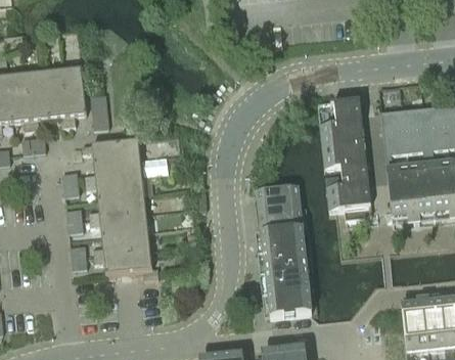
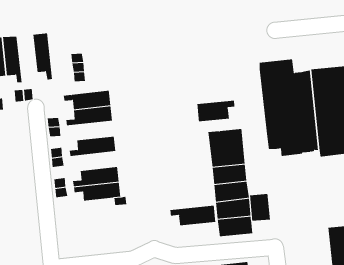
building: [62,65,86,124] -> none
building: [26,70,49,128] -> none
building: none -> [197,100,235,122]
building: [85,173,153,197] -> none
building: [89,211,147,234] -> none
building: none -> [249,193,270,221]
building: none -> [170,205,216,226]

